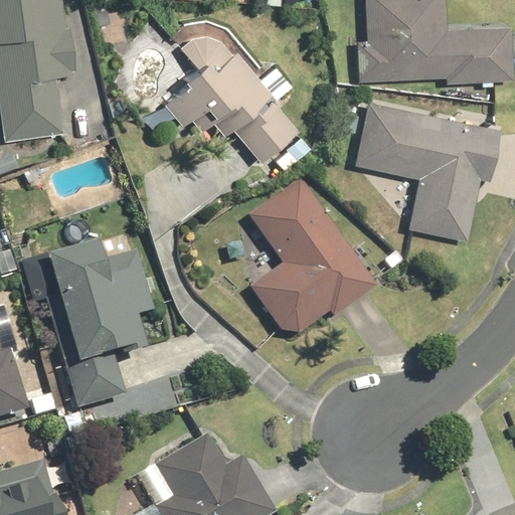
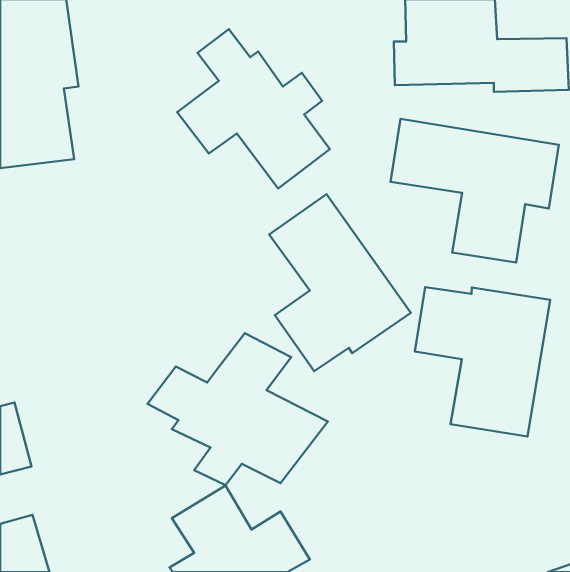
building: [42,250,155,405] -> none
building: none -> [415,287,550,437]
building: none -> [147,333,328,485]

